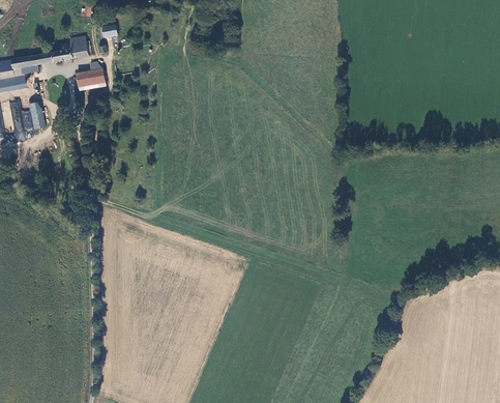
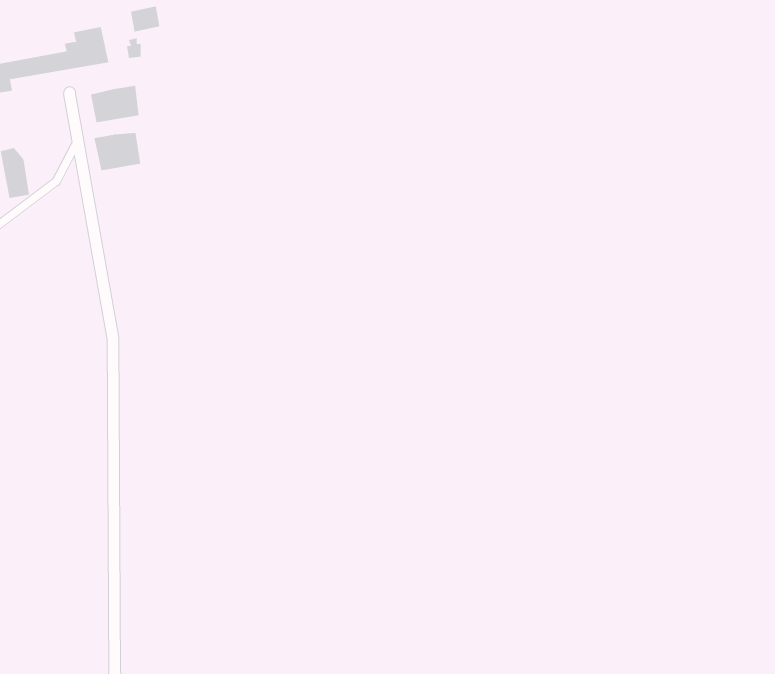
building: none -> [94,132,141,171]

